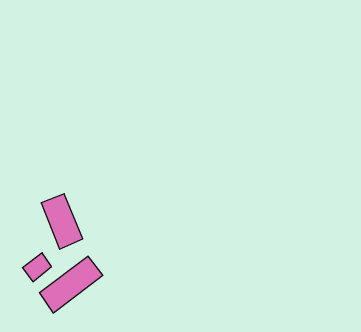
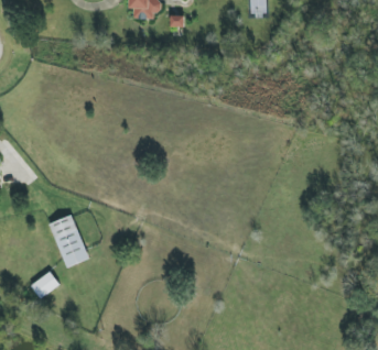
building: [39,256,103,313] -> none

